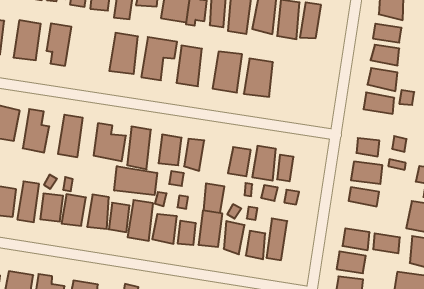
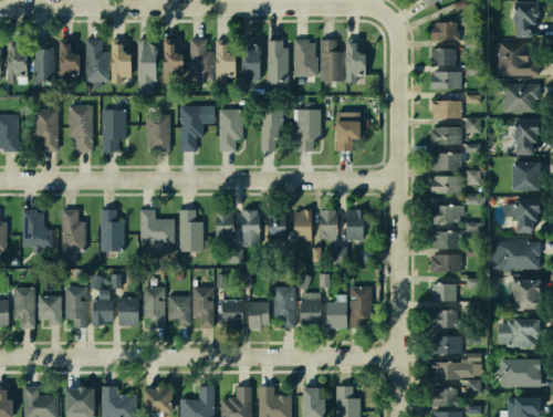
building: none -> [102,108,127,153]
building: none -> [334,108,359,150]
building: none -> [429,154,461,171]
building: [114,166,157,195] -> none
building: [204,183,224,213] -> [264,213,285,243]
building: [373,233,400,253] -> [432,254,462,272]

